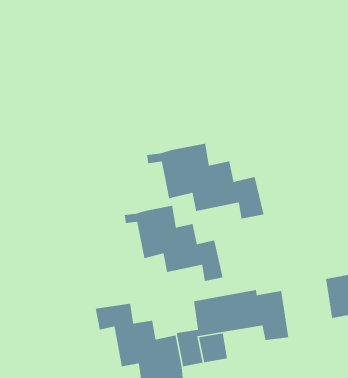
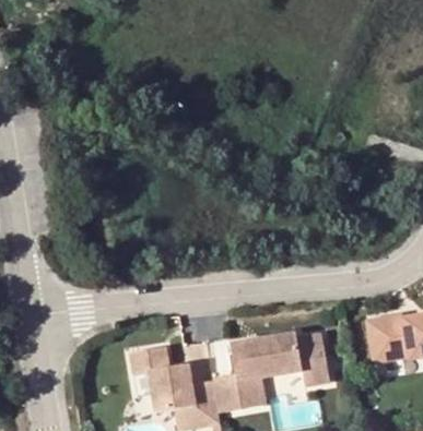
building: [146,143,265,220] -> none
building: [124,205,224,282] -> none

